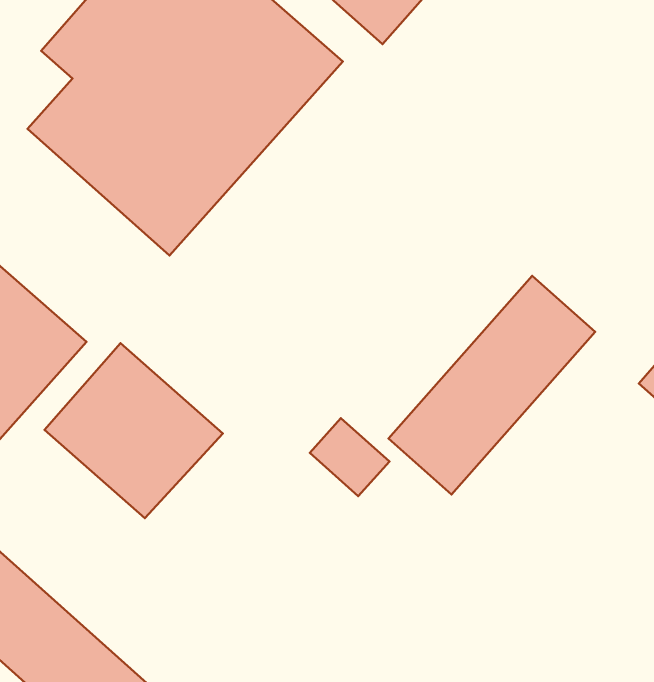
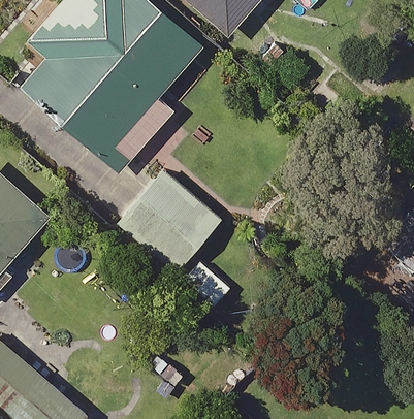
building: [389,276,595,495] -> none
building: [44,343,223,518] -> [117,169,223,273]

